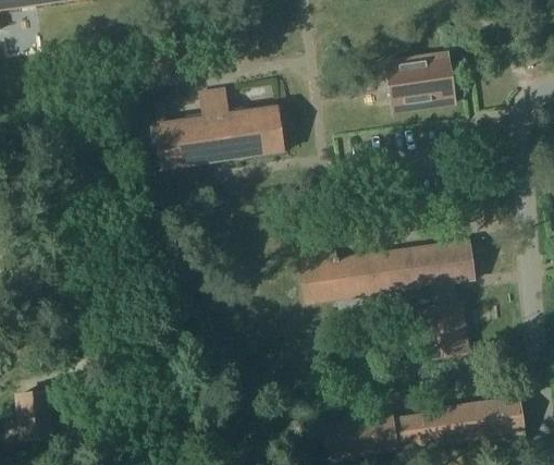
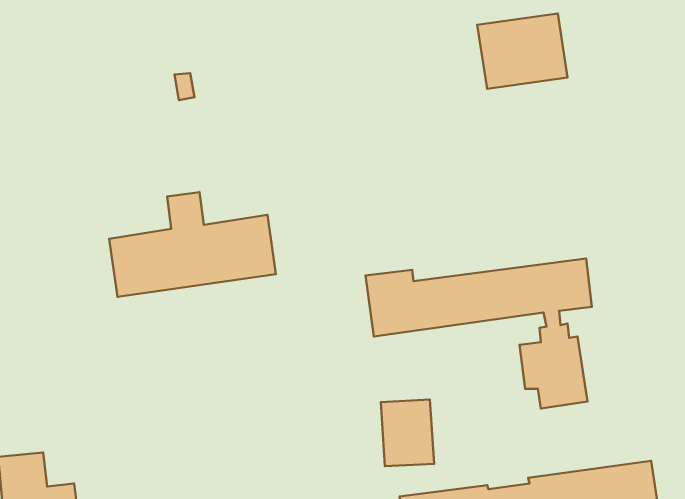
building: [156,87,284,168] -> [109,192,276,297]
building: none -> [381,400,434,466]

